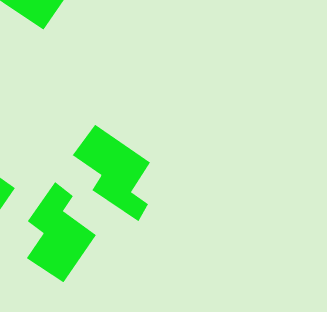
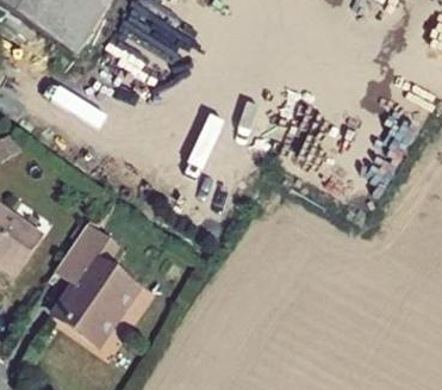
building: [72,124,151,222] -> none

